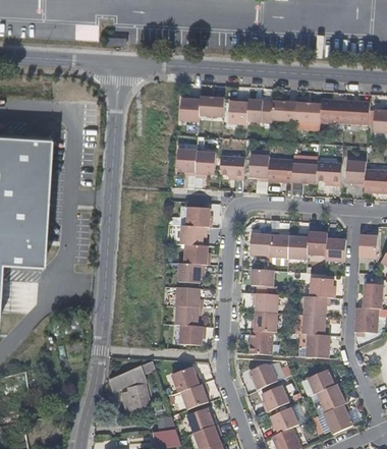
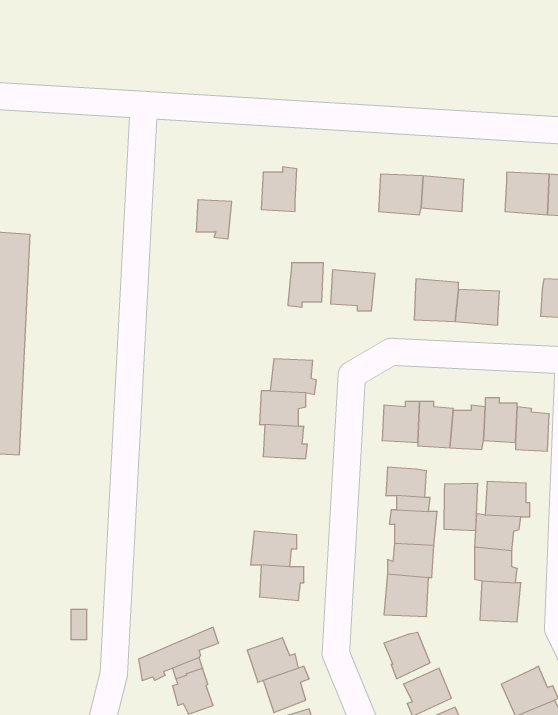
building: [200,98,225,118] -> none
building: [228,100,248,125] -> none
building: [295,104,321,123] -> none
building: [177,153,198,175] -> [196,200,232,239]
building: [250,158,269,184] -> none
building: [316,165,341,188] -> none
building: [176,263,201,282] -> none
building: none -> [444,483,478,531]
building: [176,287,203,307] -> none
building: [307,370,337,394] -> none

